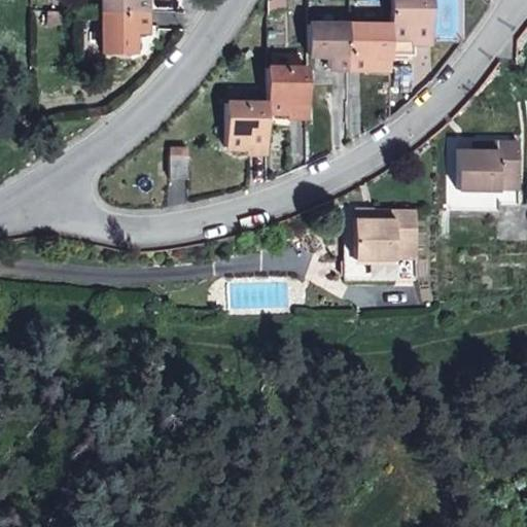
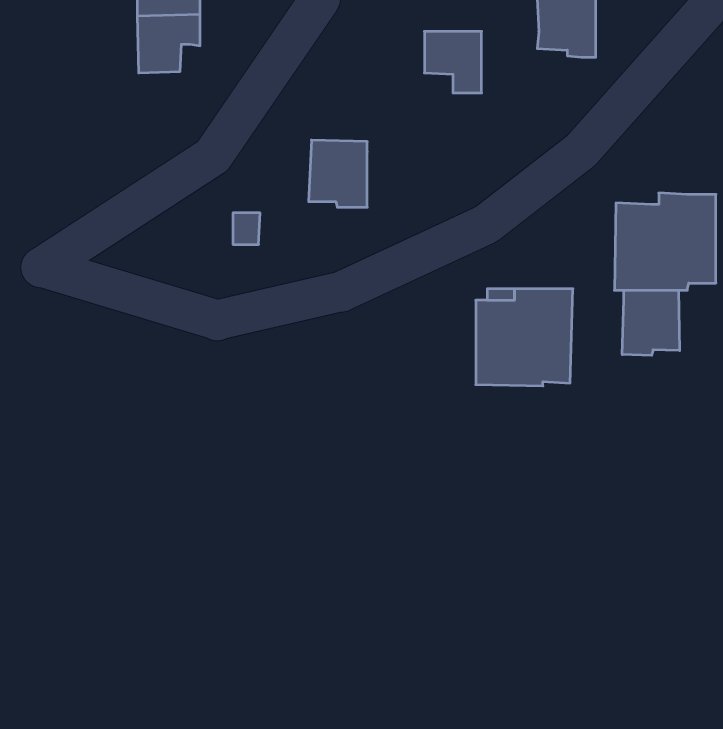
building: [352,23,393,73] -> none
building: [270,66,311,114] -> none
building: none -> [622,290,680,355]

